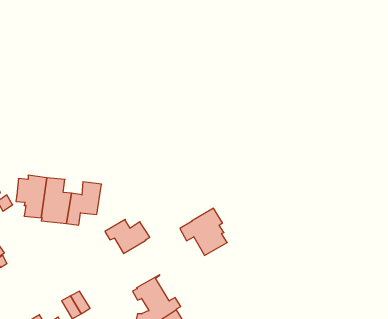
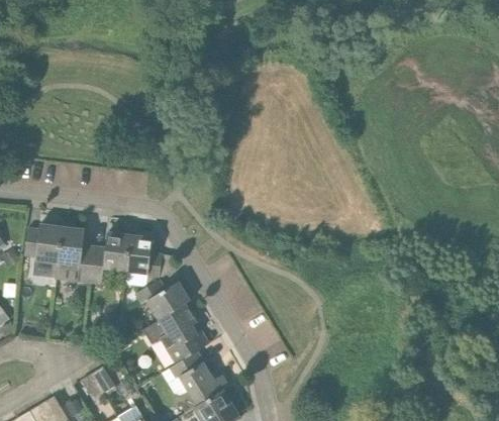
building: none -> [123,234,162,293]
building: [180,208,227,255] -> [142,304,201,362]

